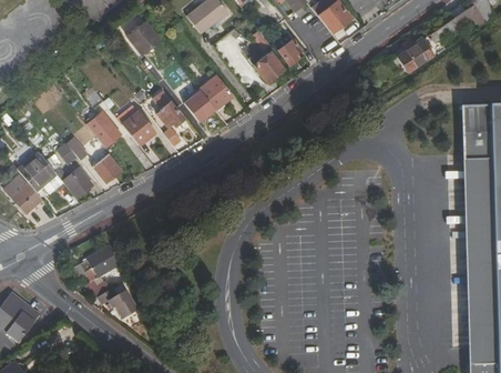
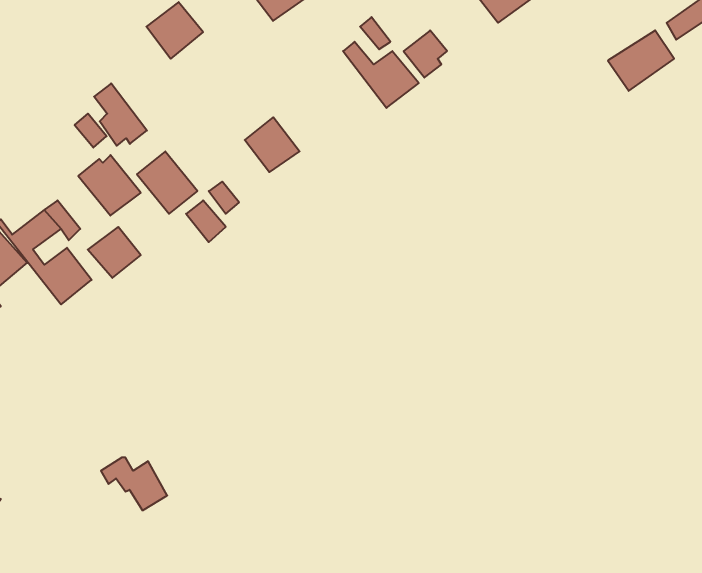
building: [200,74,234,110] -> none
building: [153,91,184,128] -> [94,83,147,146]
building: [82,243,123,300] -> none

